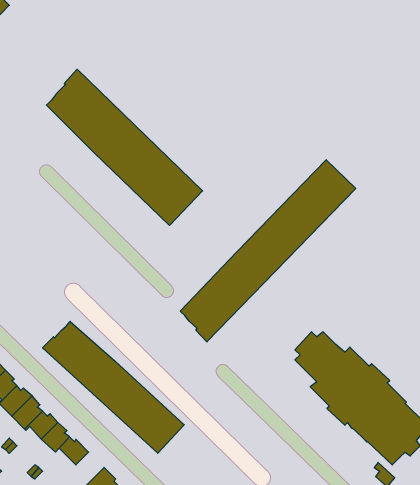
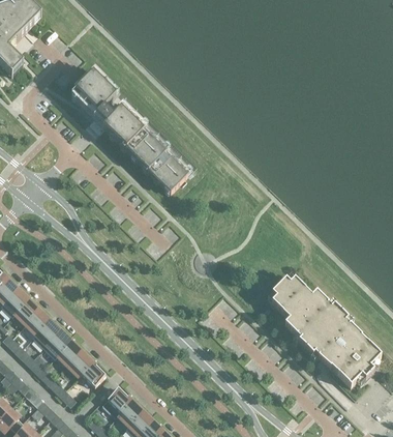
building: [180,160,356,342] -> none
building: [43,321,184,453] -> none

